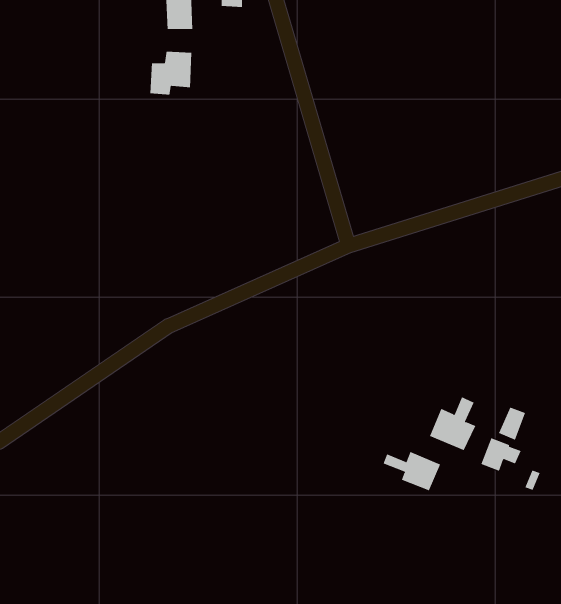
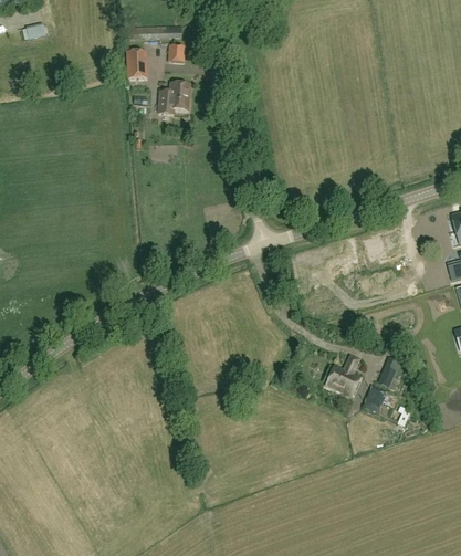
building: [150,51,192,95] -> [158,81,190,114]
building: [383,451,441,491] -> none

